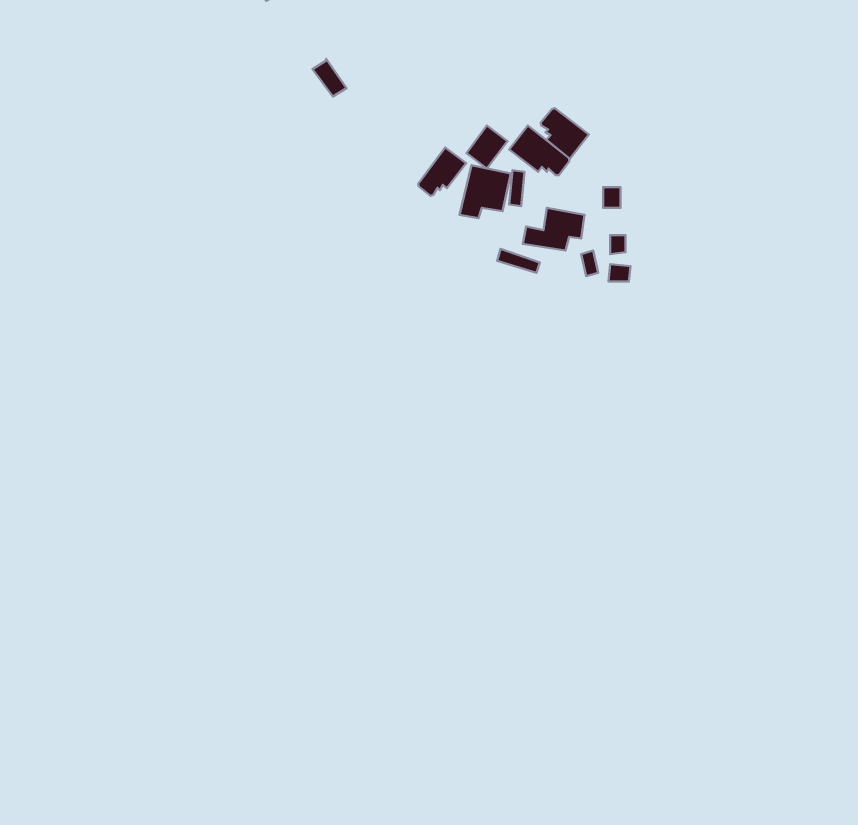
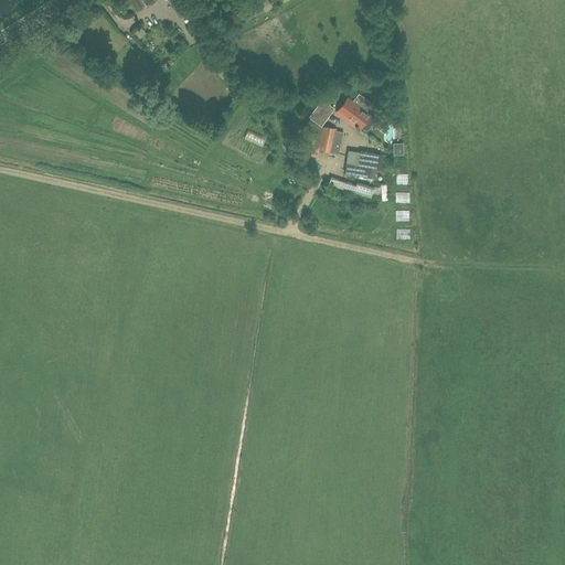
building: [541,108,589,159] -> none
building: [418,147,466,196] -> none

